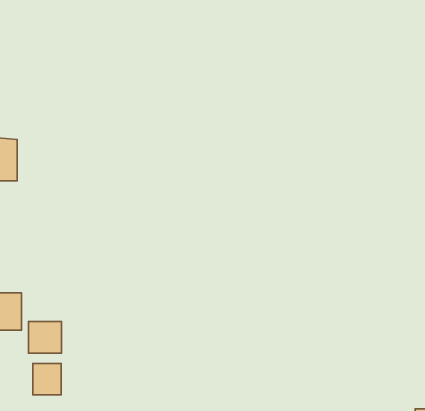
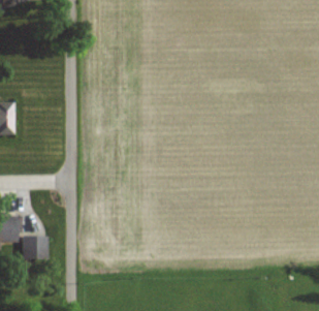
building: [33,363,61,395] -> none

